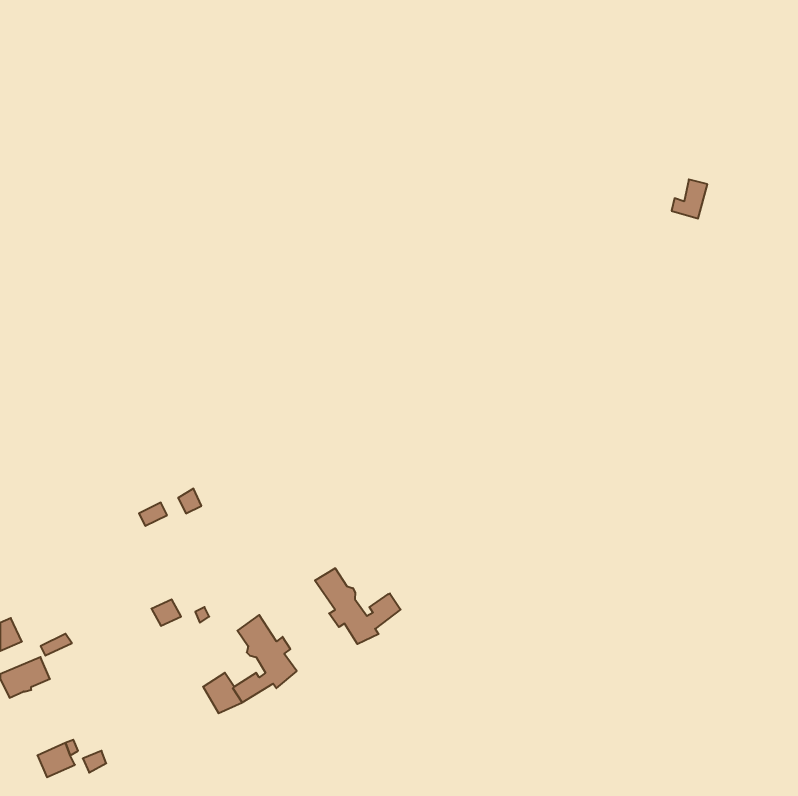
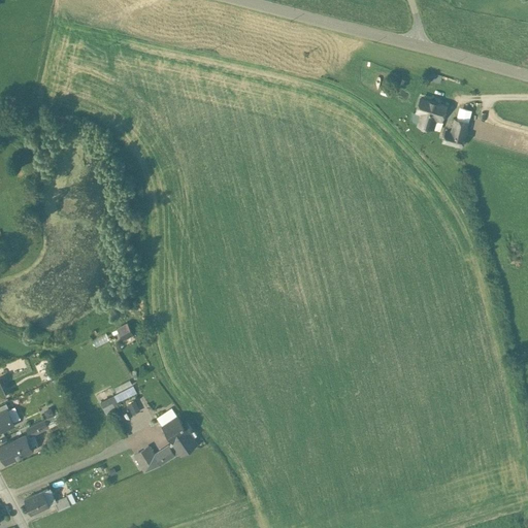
building: none -> [417,99,446,129]
building: [315,568,401,644] -> none

